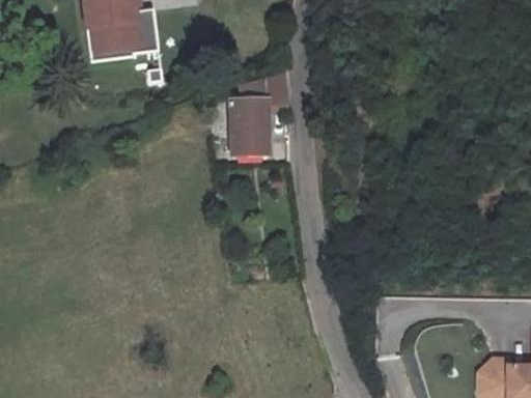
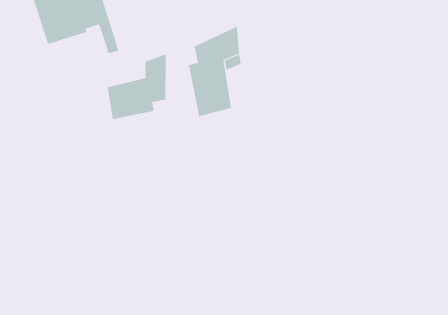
building: none -> [107,54,166,120]

